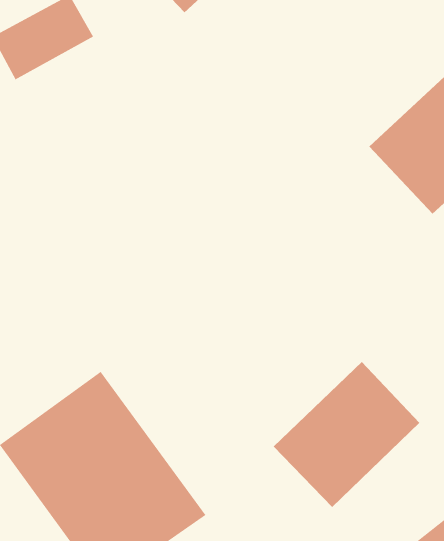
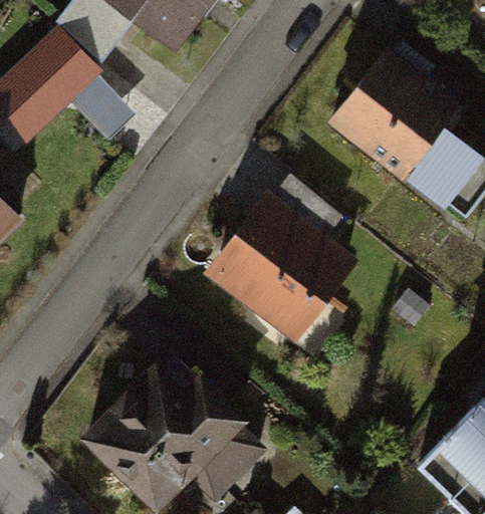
building: none -> [218,205,352,336]
building: [273,361,420,508] -> none

